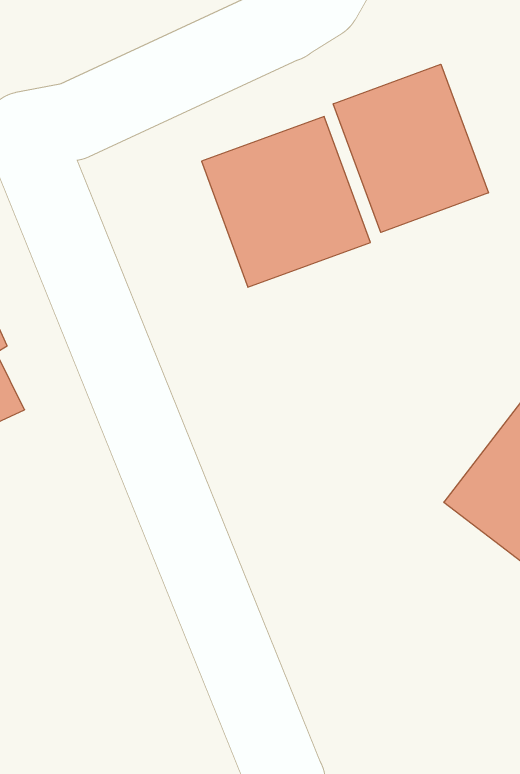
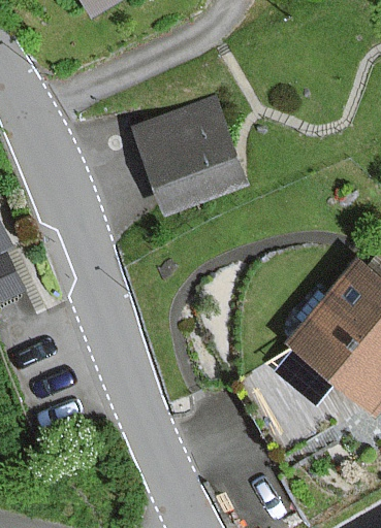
building: [333,64,488,232] -> none

